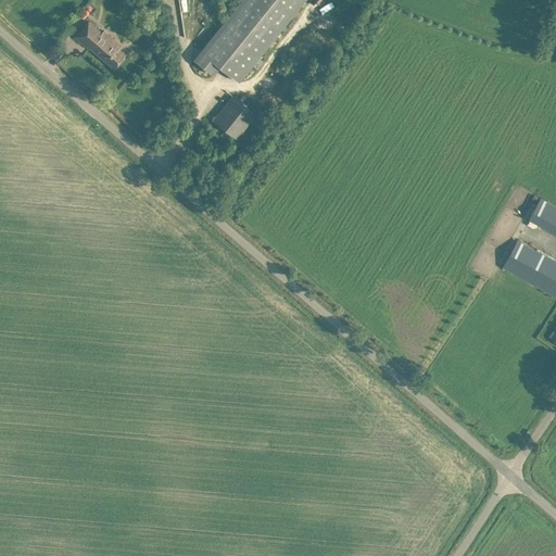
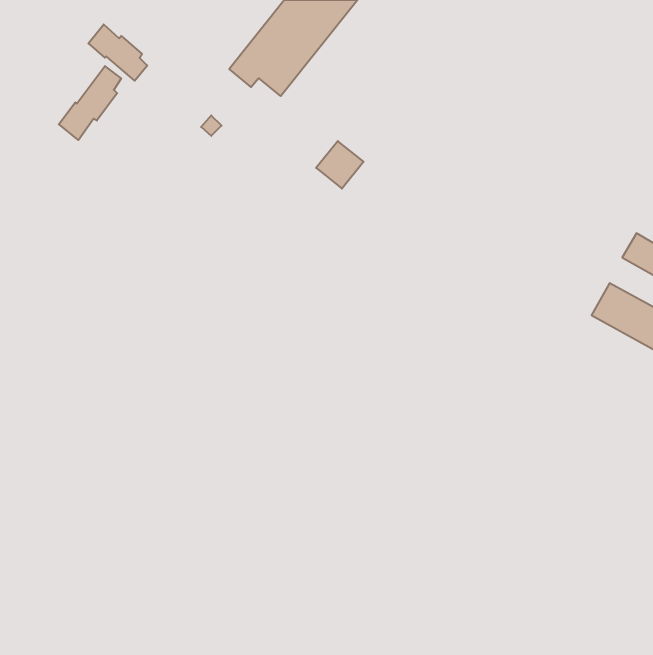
building: none -> [59,66,121,140]
building: [215,97,255,137] -> [316,141,364,189]

